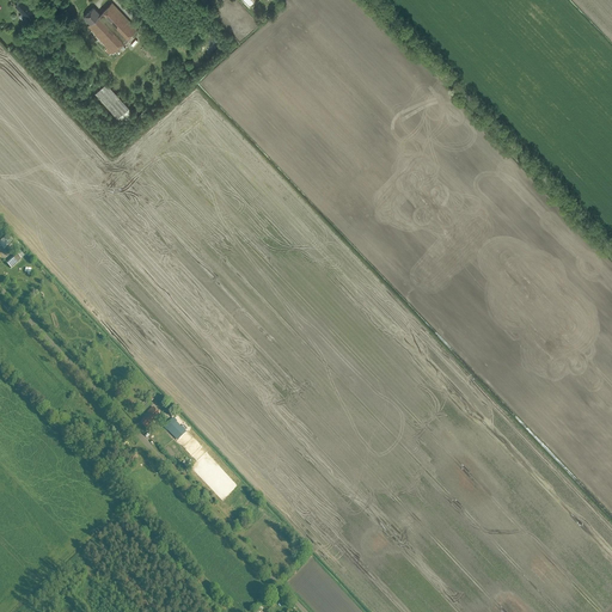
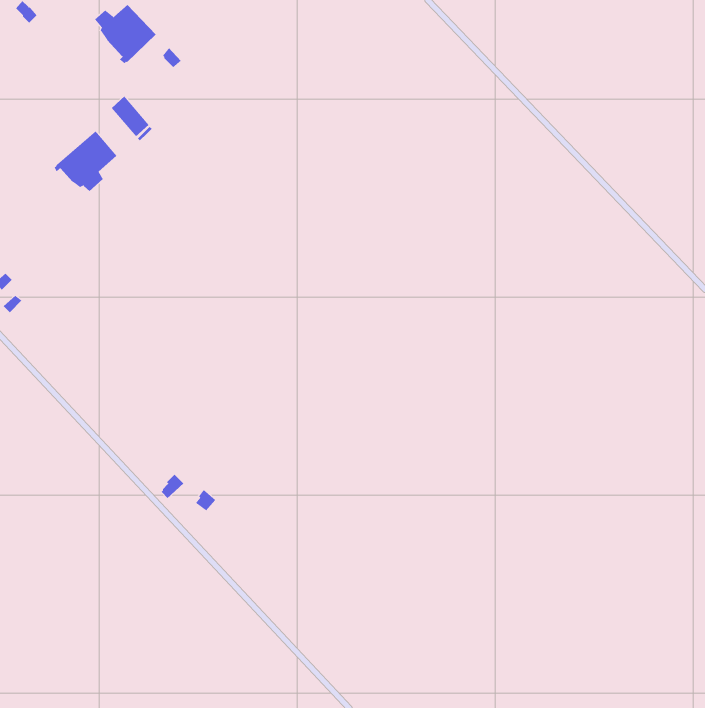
building: none -> [54,130,117,192]

